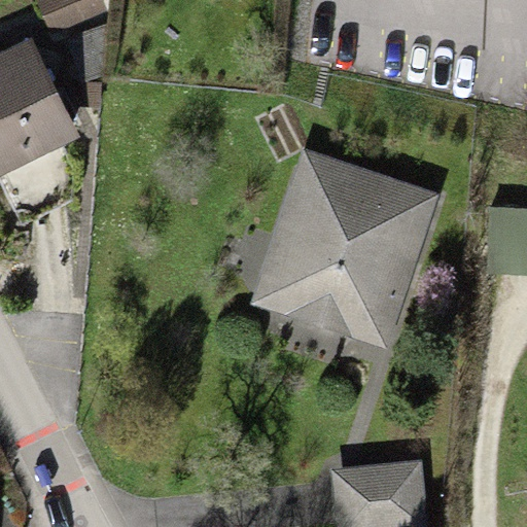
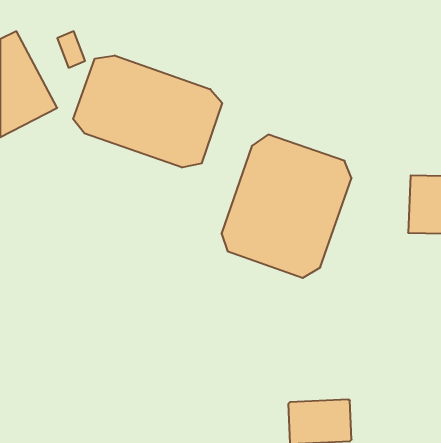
building: none -> [73,55,222,168]

